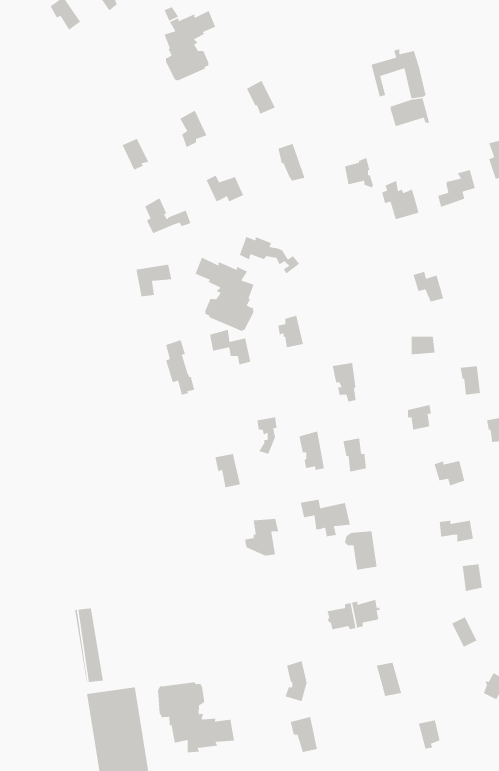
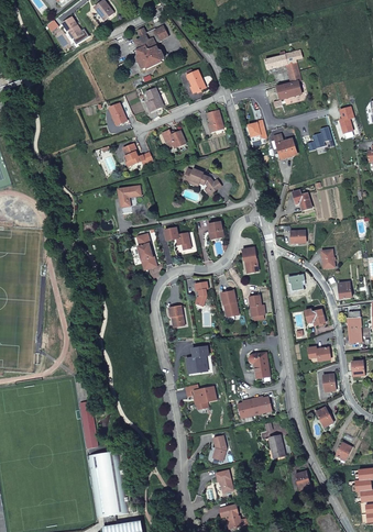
building: [195,257,255,332] -> none
building: [300,499,351,537] -> [184,384,216,408]
building: [157,682,235,753] -> none

